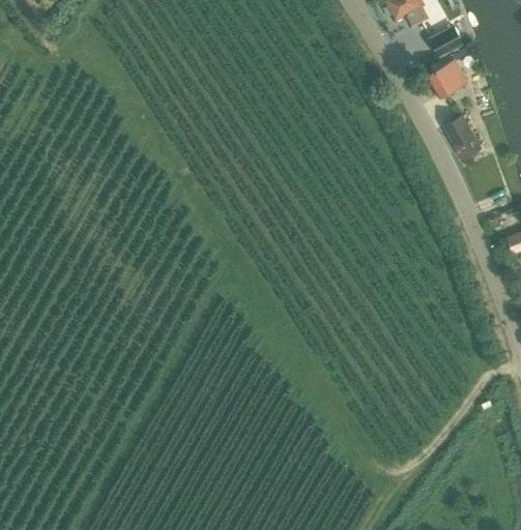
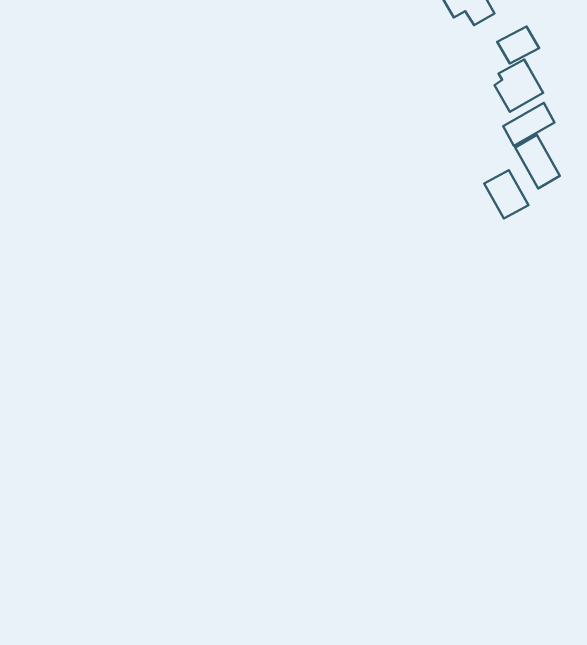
building: none -> [503,103,555,146]
building: none -> [484,170,528,218]

